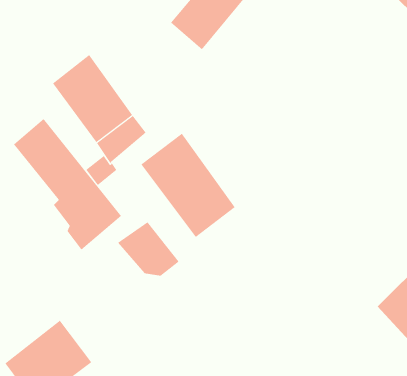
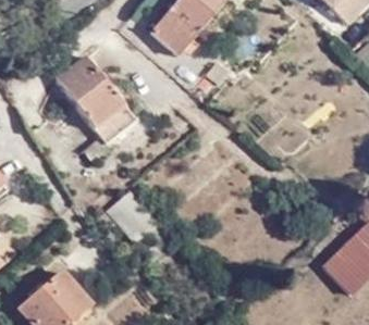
building: [13,118,122,251] -> none
building: [140,133,235,238] -> none

